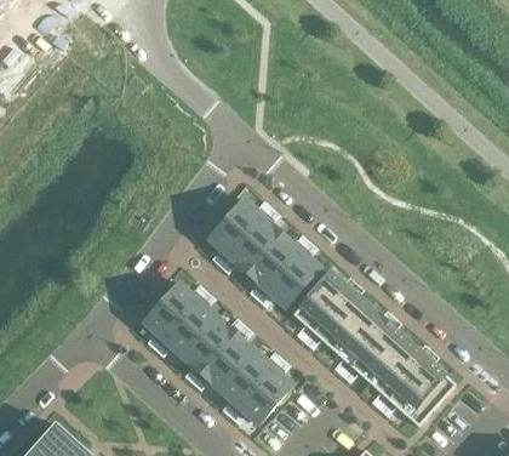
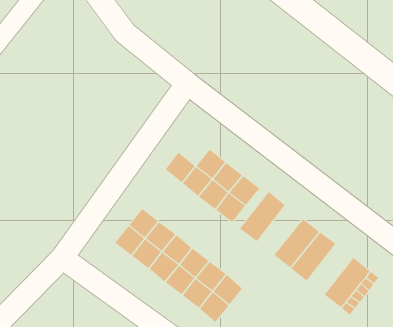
building: [227,196,264,234] -> none
building: [314,287,370,346] -> none
building: [370,337,427,397] -> none

